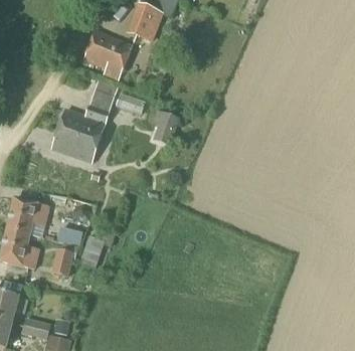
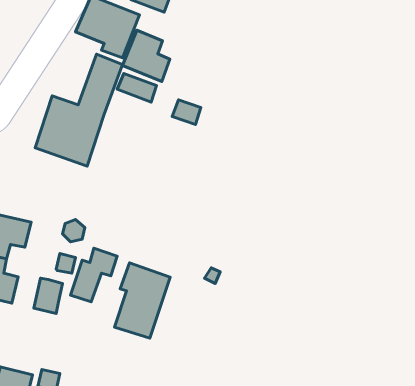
building: none -> [123,30,170,81]
building: none -> [115,263,170,338]

